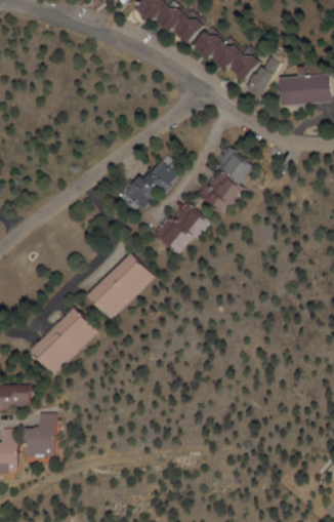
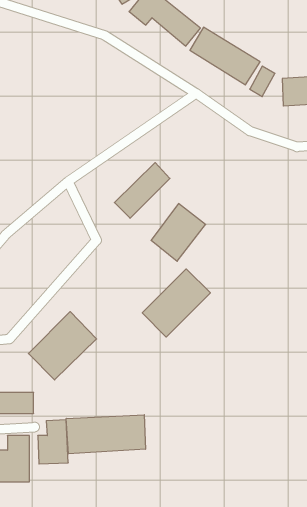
building: [197,145,256,214] -> none
building: [83,253,150,320] -> [142,269,210,337]
building: none -> [66,415,145,454]

